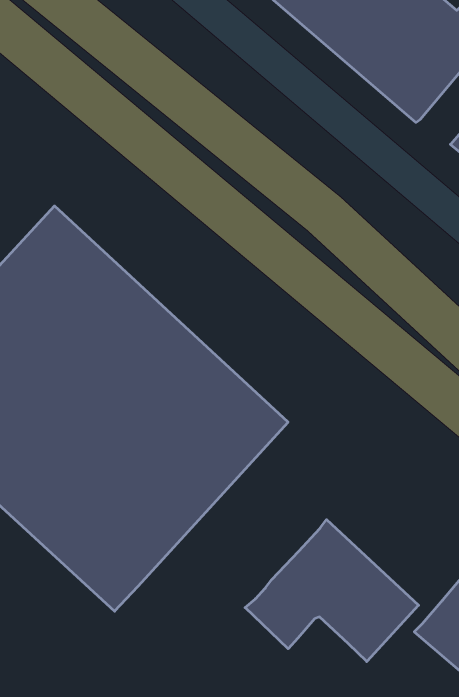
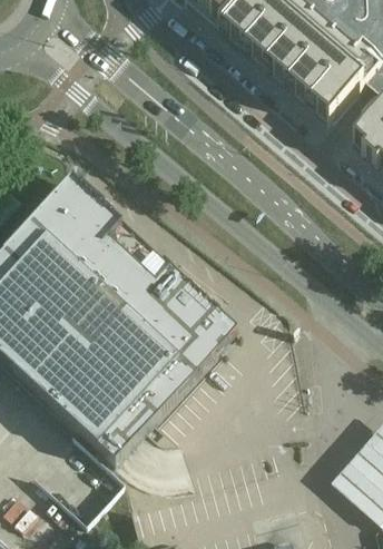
building: [245,520,419,662] -> none

